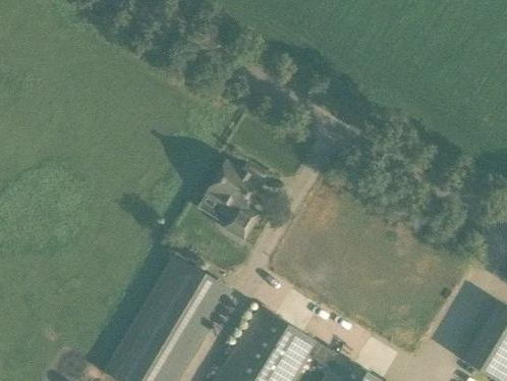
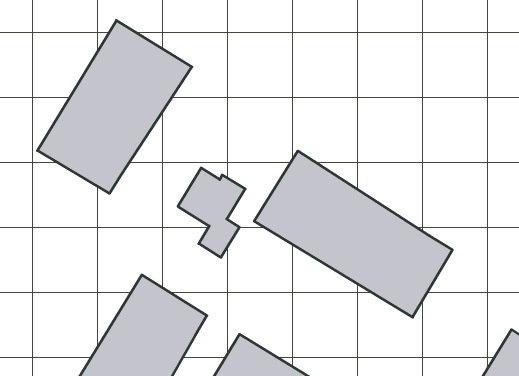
building: none -> [37,20,192,193]
building: none -> [254,151,452,317]

